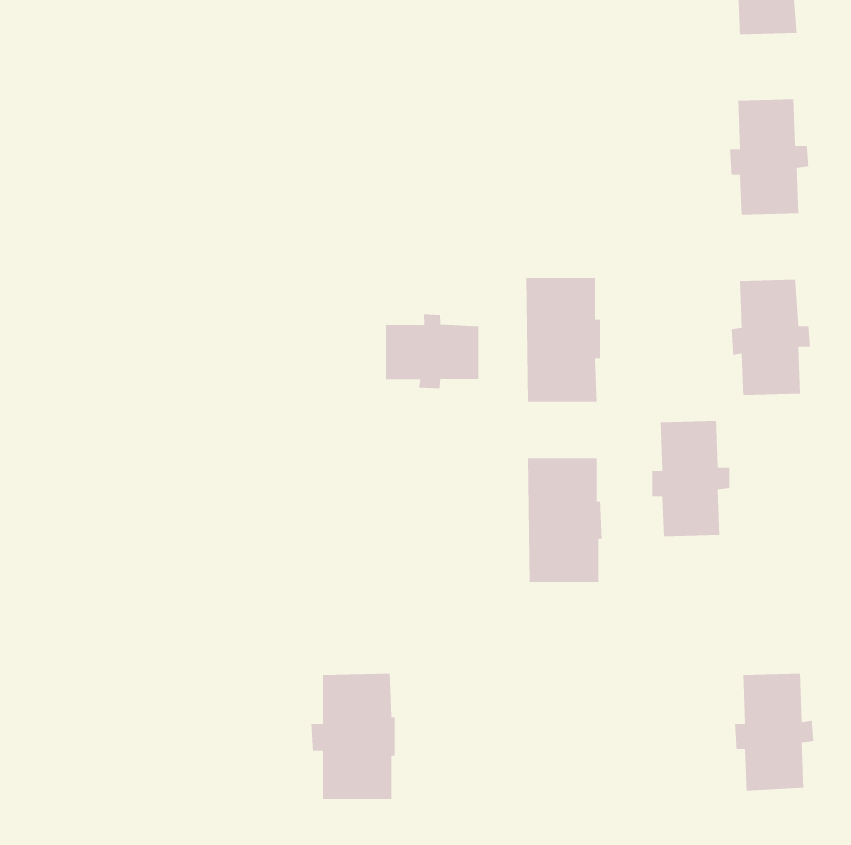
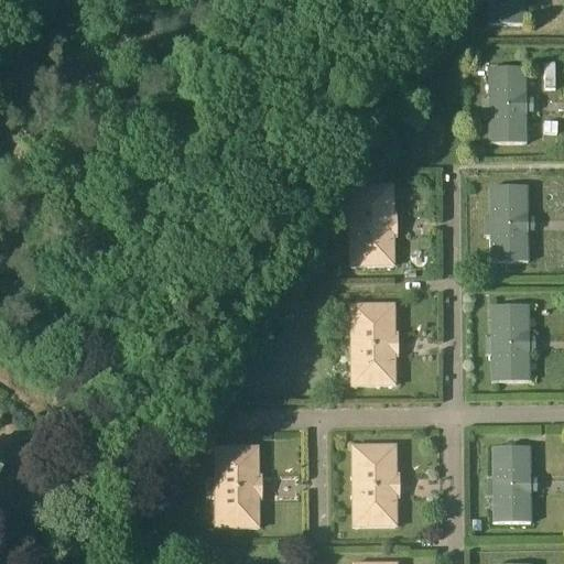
building: [385,313,479,389] -> none
building: [652,420,730,537] -> [485,303,536,380]
building: none -> [350,443,400,525]

